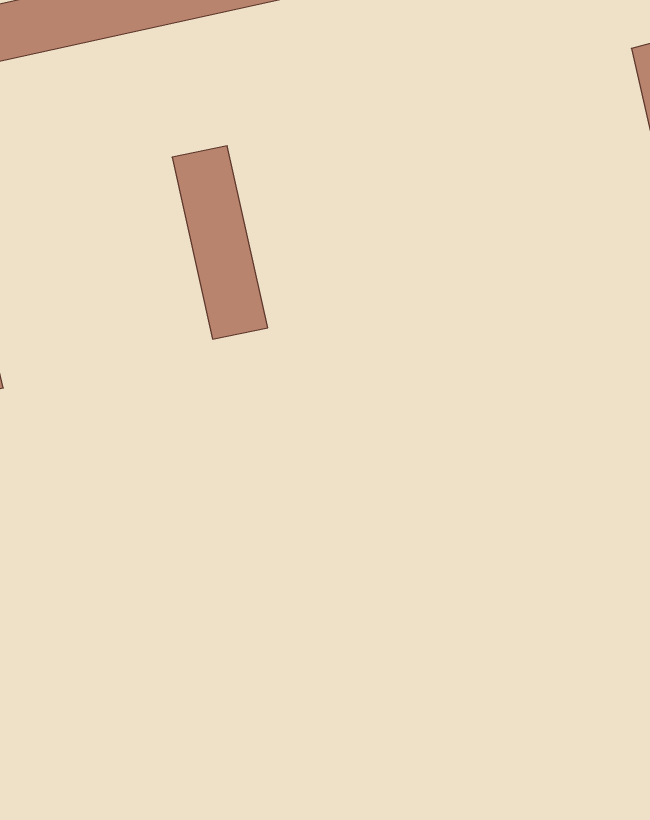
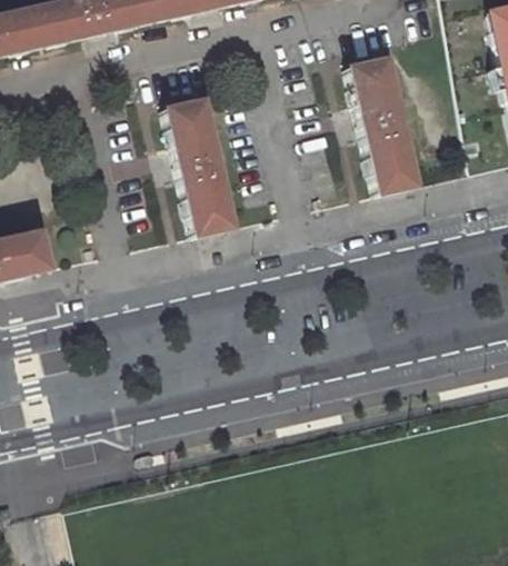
building: none -> [352,57,420,191]

